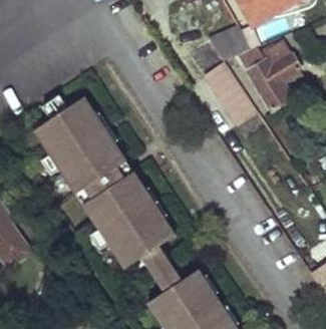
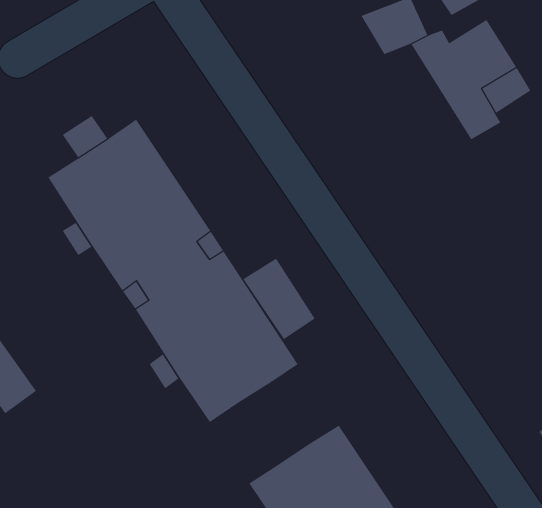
building: [202,61,258,127] -> none
building: [141,246,183,292] -> [243,258,315,340]

